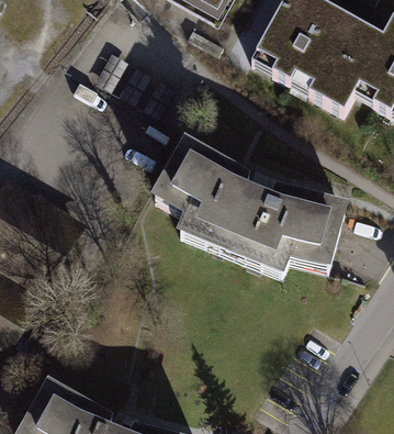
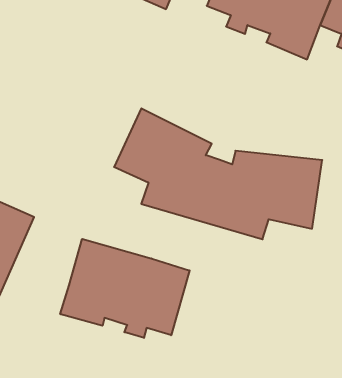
building: none -> [60,239,190,338]

